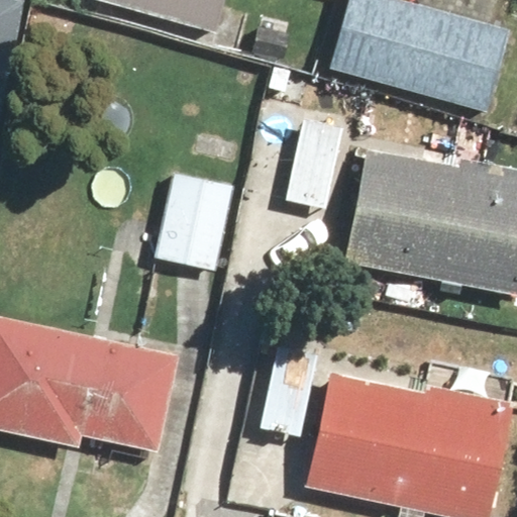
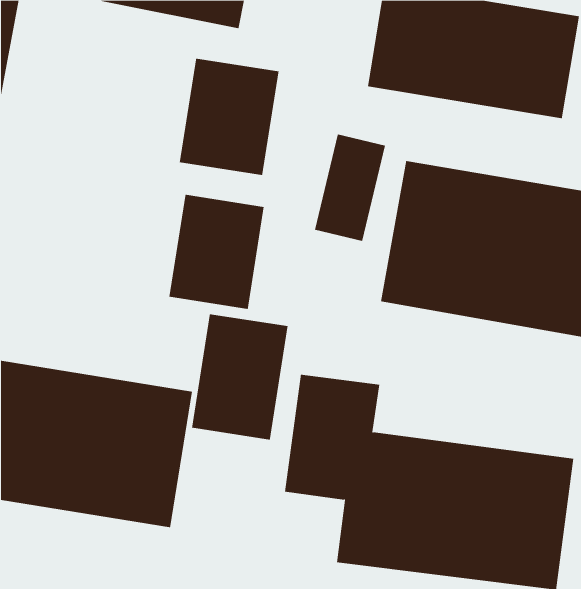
building: none -> [179,58,279,176]
building: none -> [191,313,288,440]

